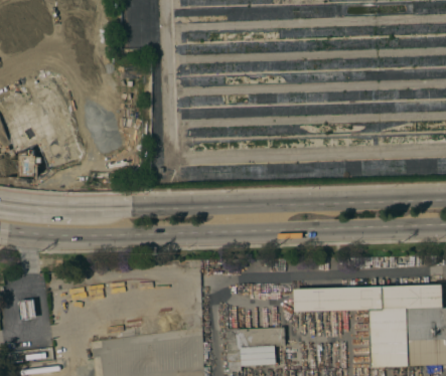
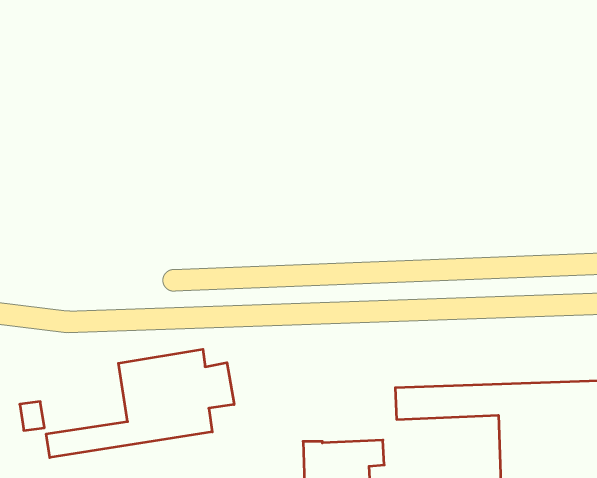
building: none -> [46,349,234,458]

